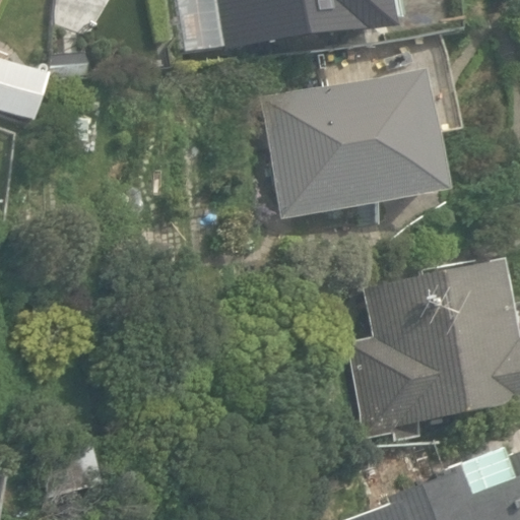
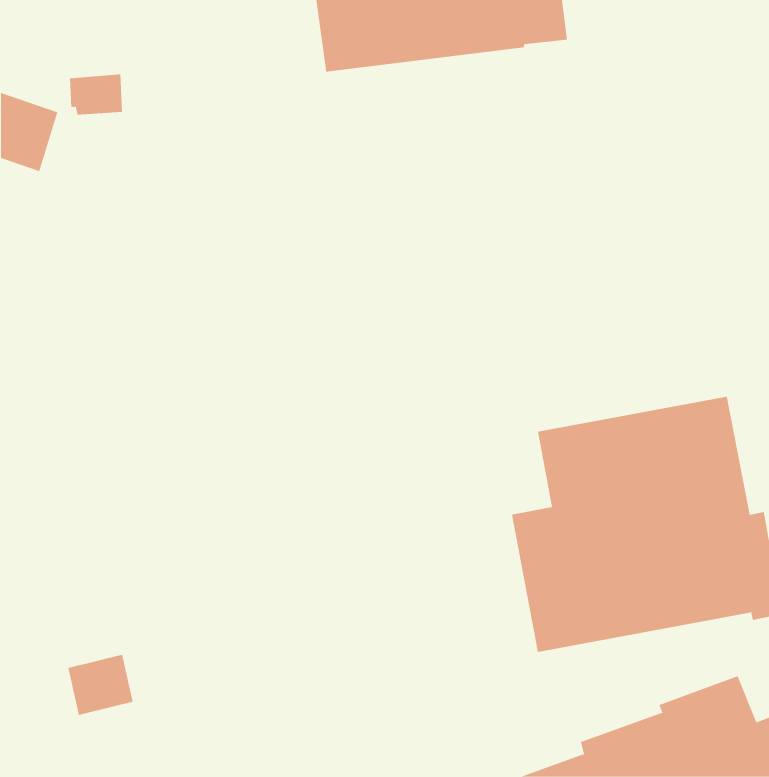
building: [266,76,435,217] -> none

